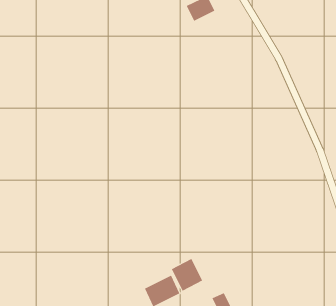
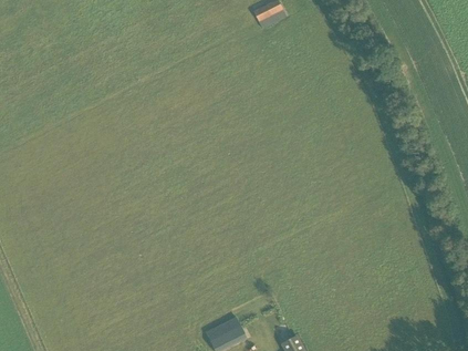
building: [171,258,203,291] -> none

